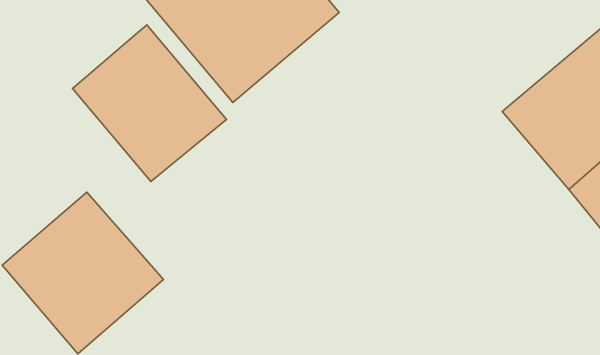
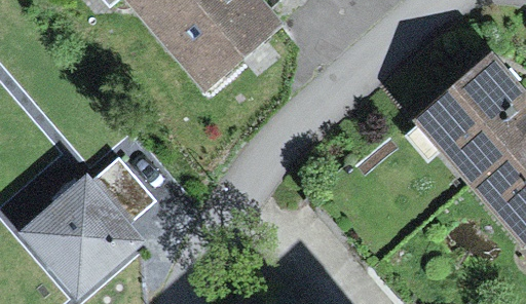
building: [72,25,227,182] -> none

